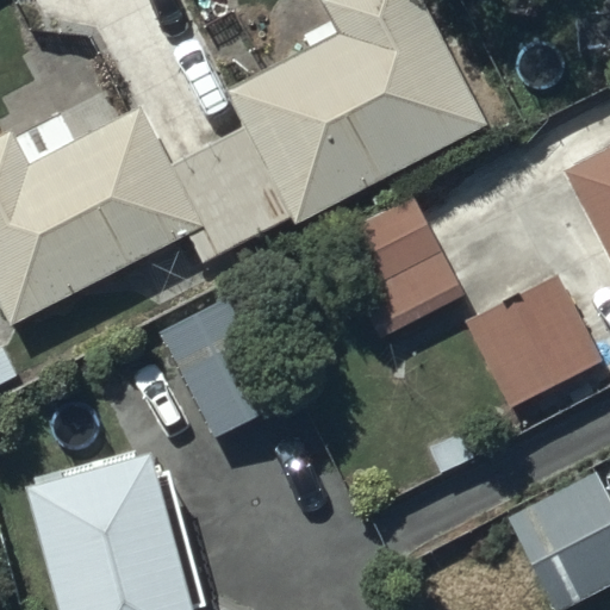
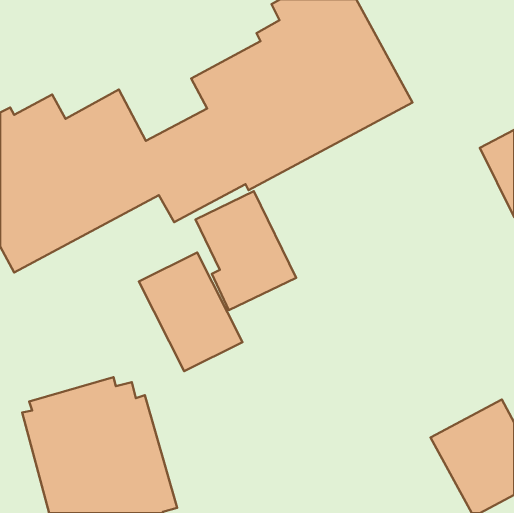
building: [343,198,462,338] -> [196,191,296,310]
building: [467,280,602,409] -> none

